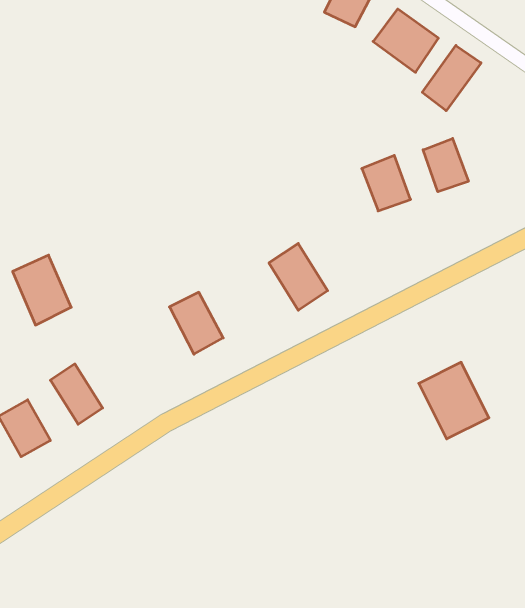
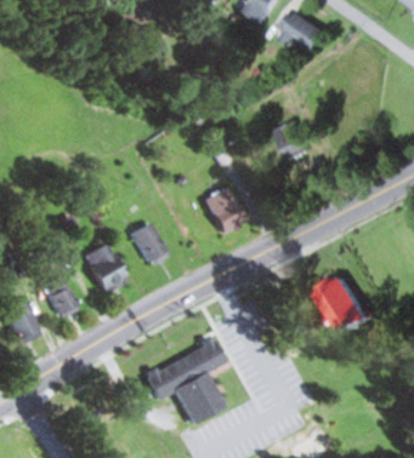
building: [422,45,481,111] -> none
building: [423,138,468,192] -> none
building: [13,255,71,325] -> [85,242,129,294]
building: none -> [143,340,226,425]

